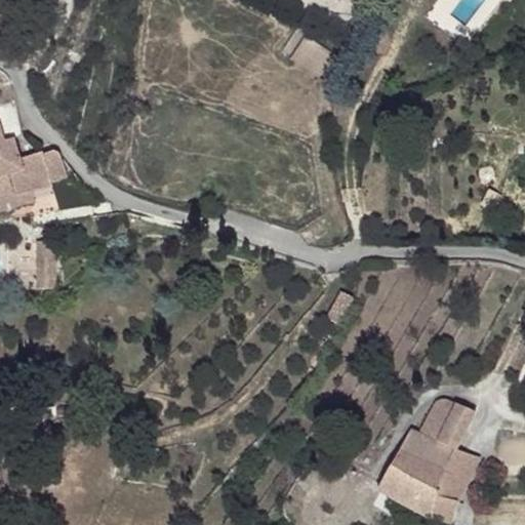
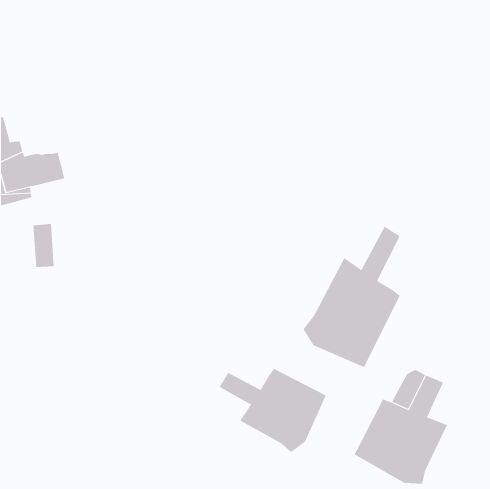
building: none -> [303,226,401,368]
building: none -> [219,368,327,453]

